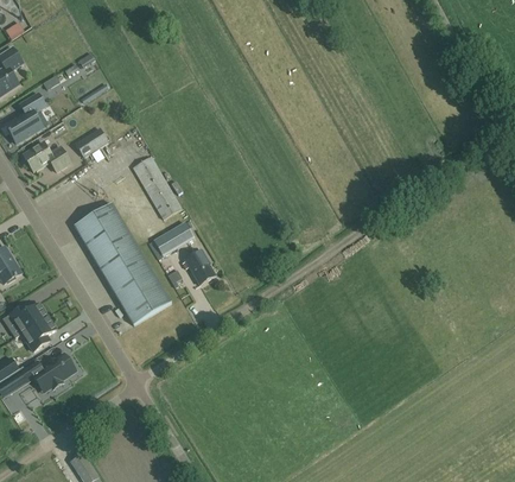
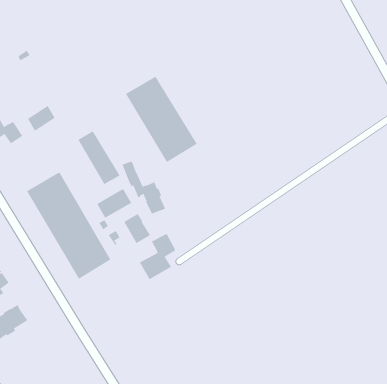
building: none -> [125,76,198,163]
building: none -> [122,160,166,215]
building: none -> [139,233,176,280]

